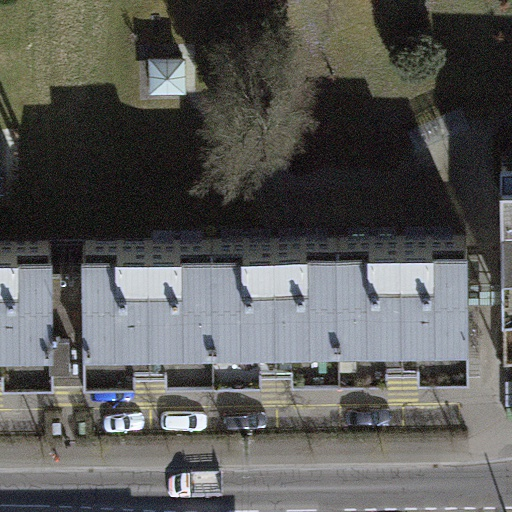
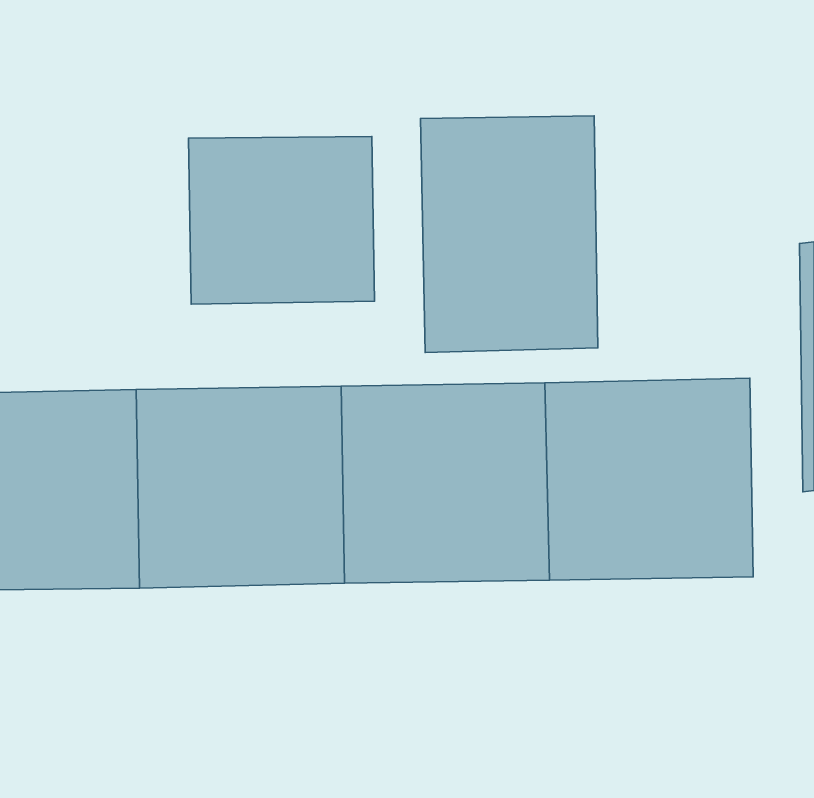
building: none -> [420,116,598,352]
building: none -> [189,136,374,304]

